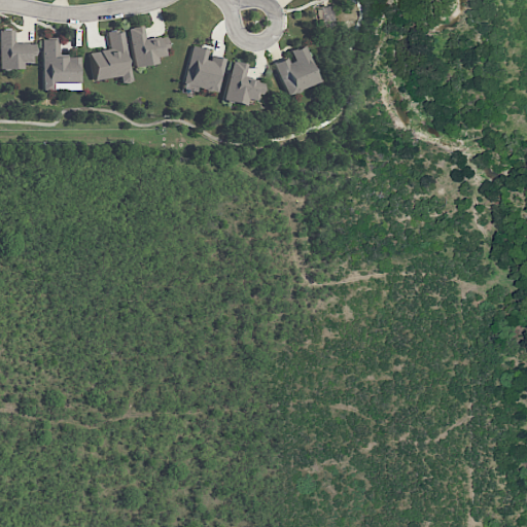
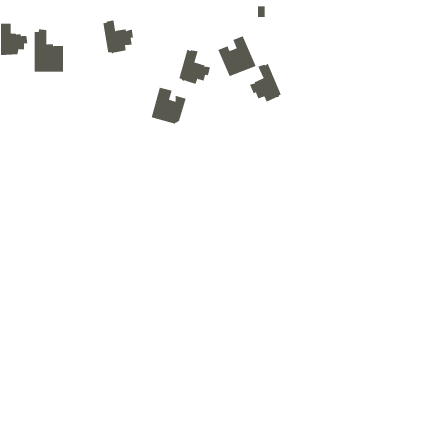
building: [91,30,133,82] -> none
building: [182,45,226,92] -> [151,87,186,124]
building: none -> [249,63,282,102]

